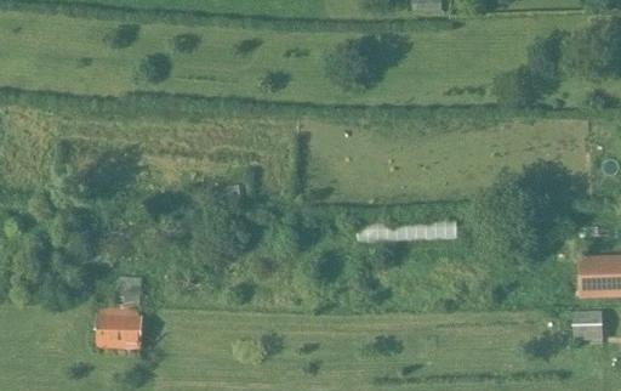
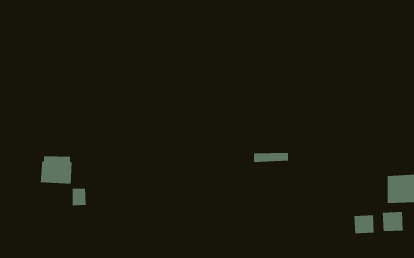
building: [96,307,143,350] -> [40,155,72,185]
building: none -> [354,215,375,234]

